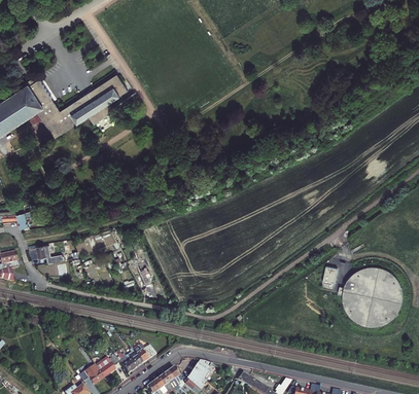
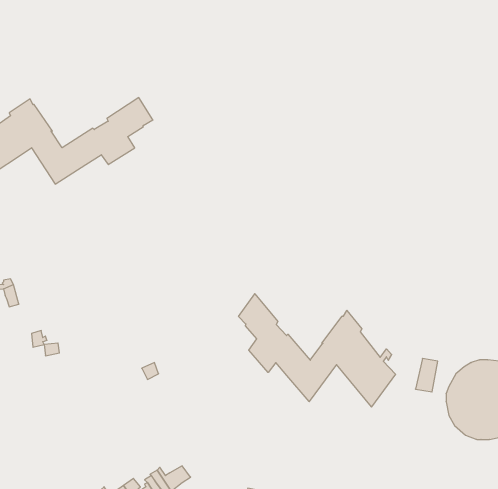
building: none -> [239,294,396,407]

